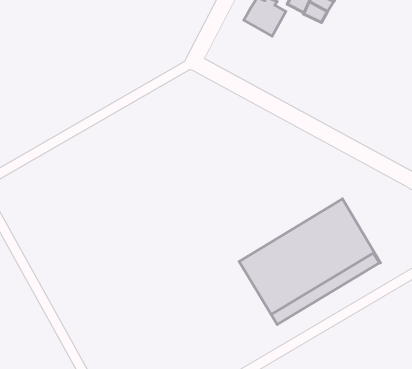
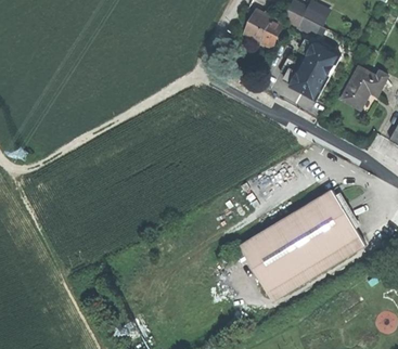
building: none -> [278,42,338,101]
building: none -> [339,67,386,109]

